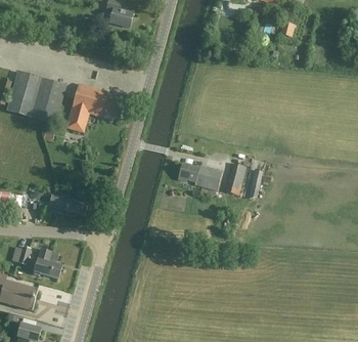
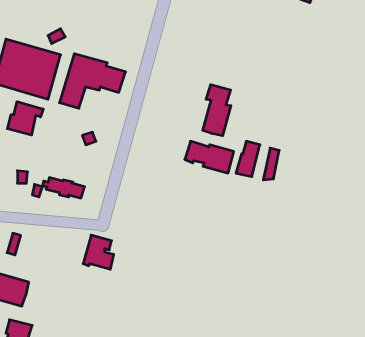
building: none -> [203,85,231,136]
building: none -> [7,102,43,135]
building: [33,247,60,277] -> [83,235,114,269]

